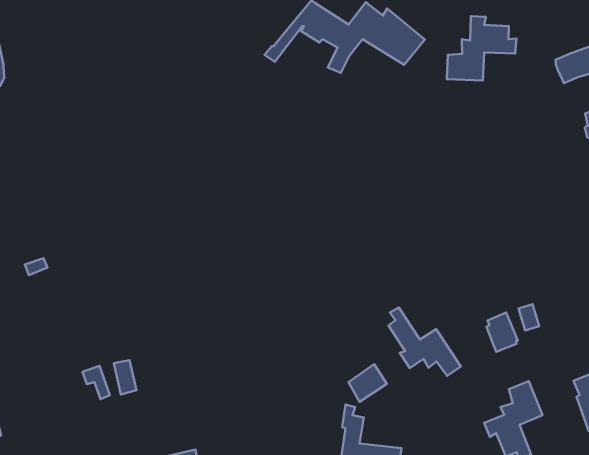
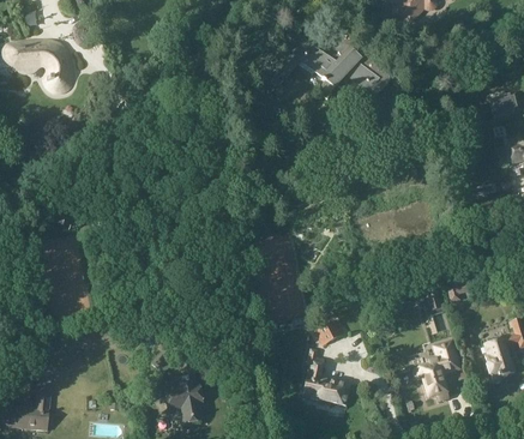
building: [447,16,516,81] -> none
building: [388,308,461,376] -> none

